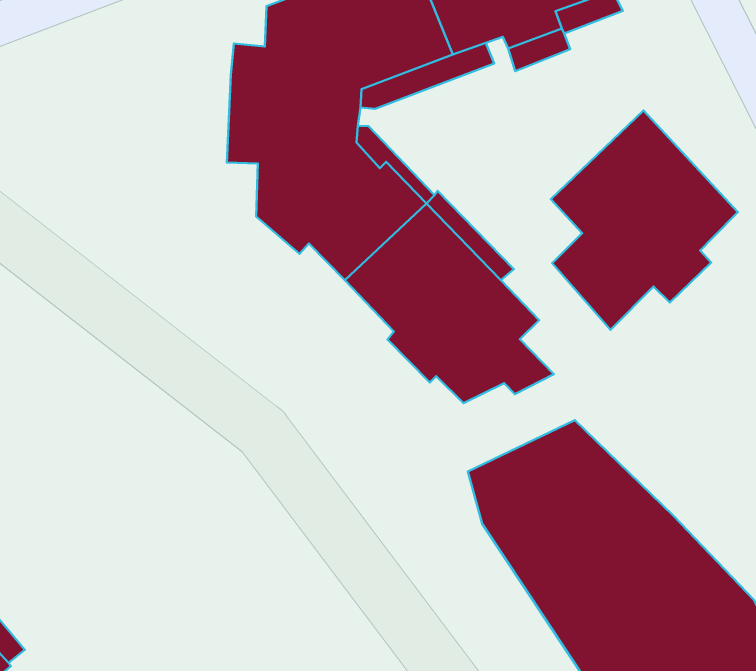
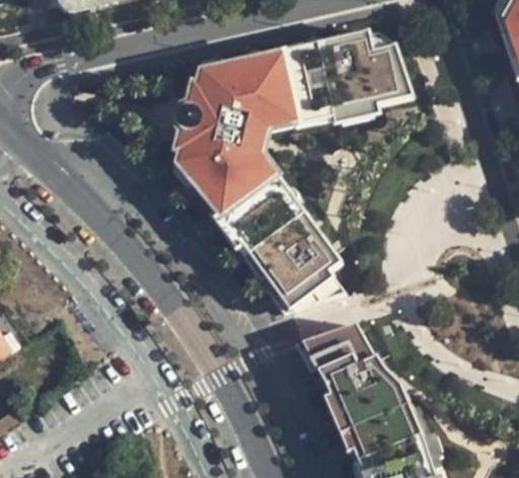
building: [551,111,738,330] -> none

